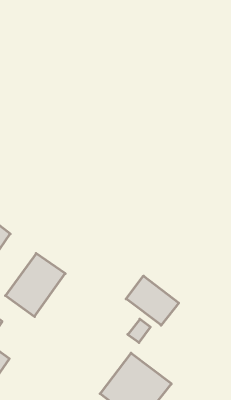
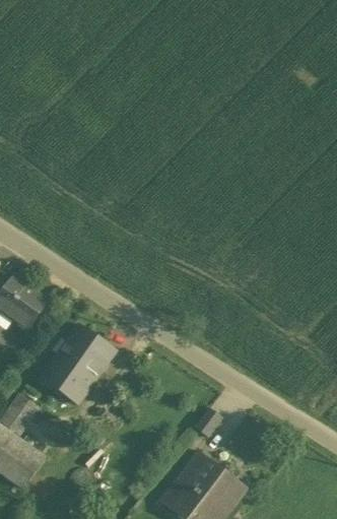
building: [126,276,179,325] -> none

